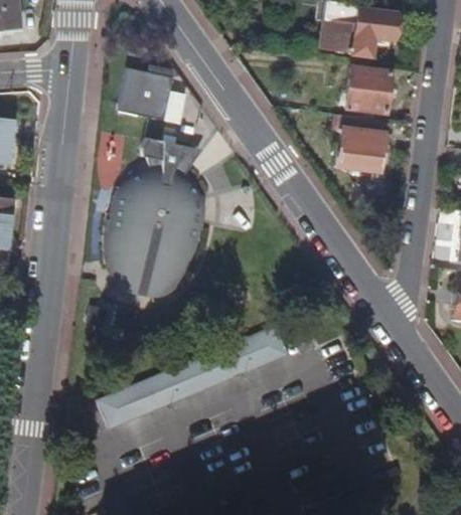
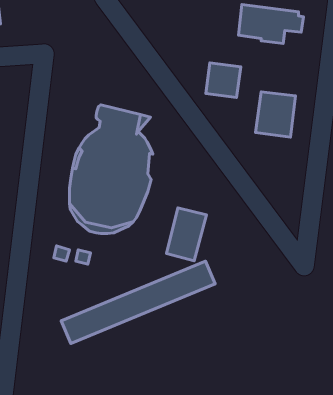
building: [119,63,171,114] -> none
building: [347,68,391,112] -> [206,63,241,98]
building: none -> [167,208,206,261]

